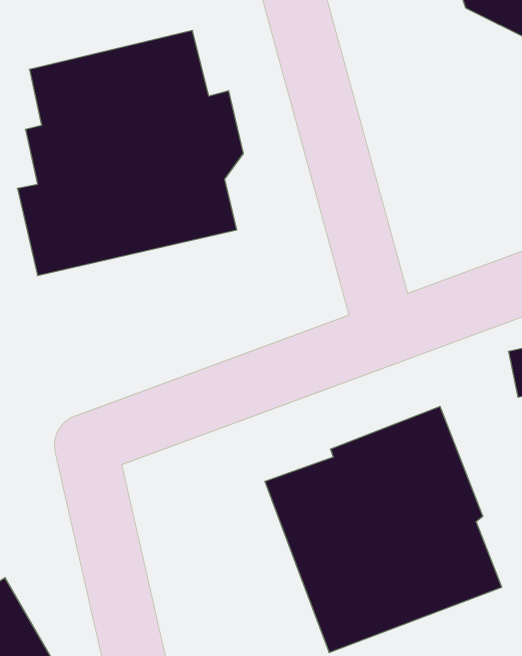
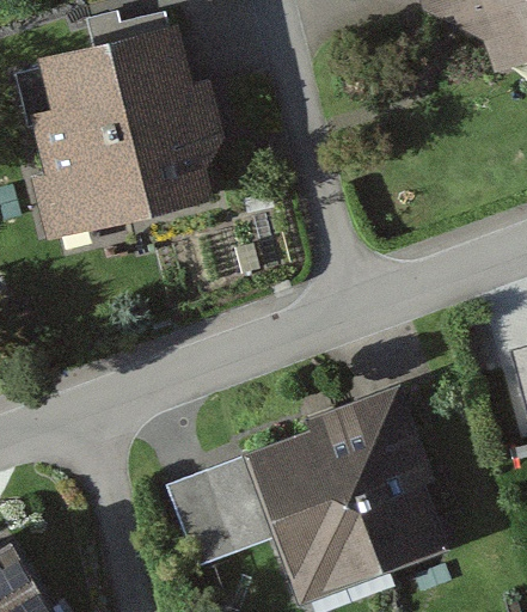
building: none -> [163,440,276,559]

